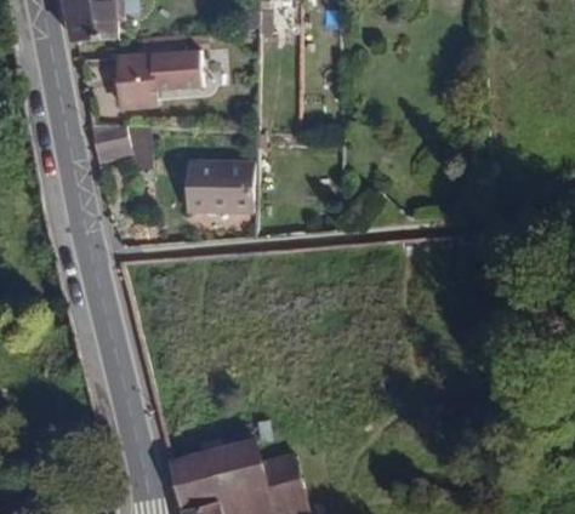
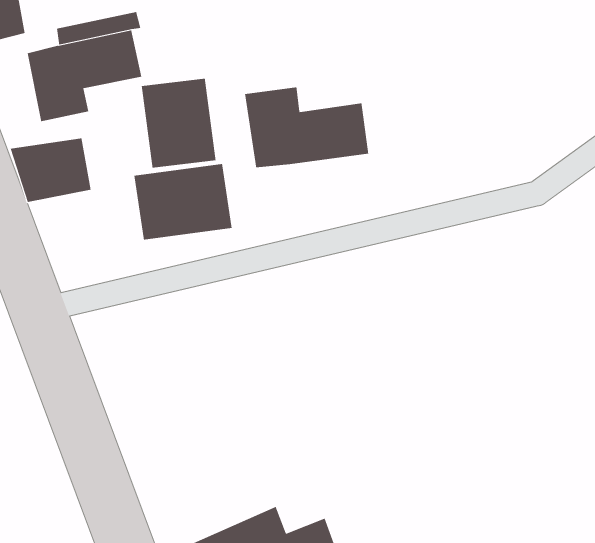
building: none -> [141,78,216,168]
building: none -> [244,86,369,168]

